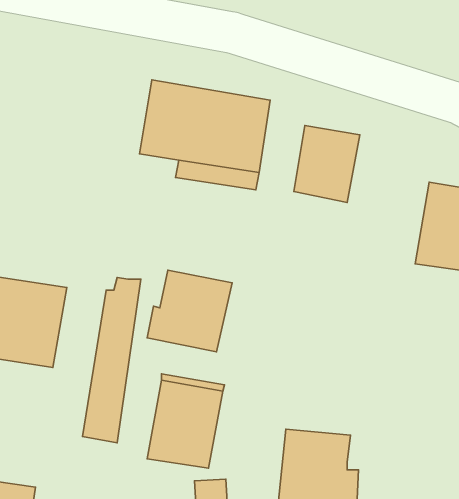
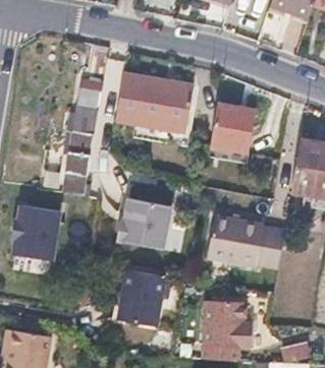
building: [82,278,141,443] -> [61,89,99,196]
building: none -> [208,216,284,271]

